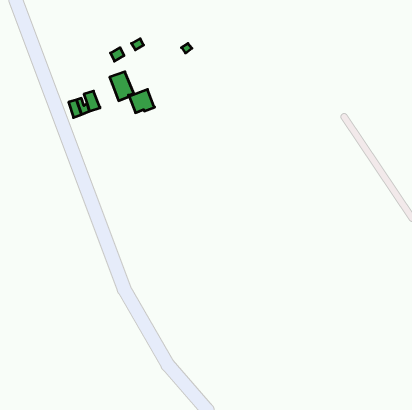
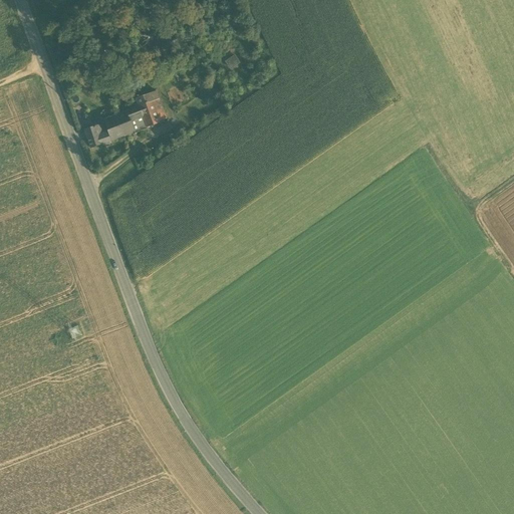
building: [129,89,155,113] -> [116,104,149,134]

